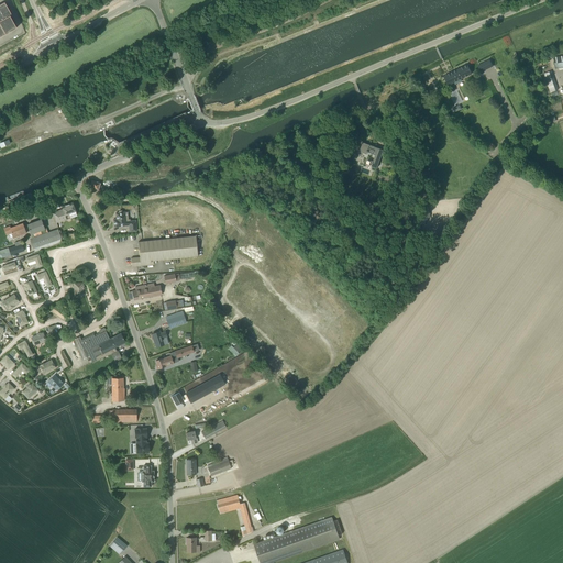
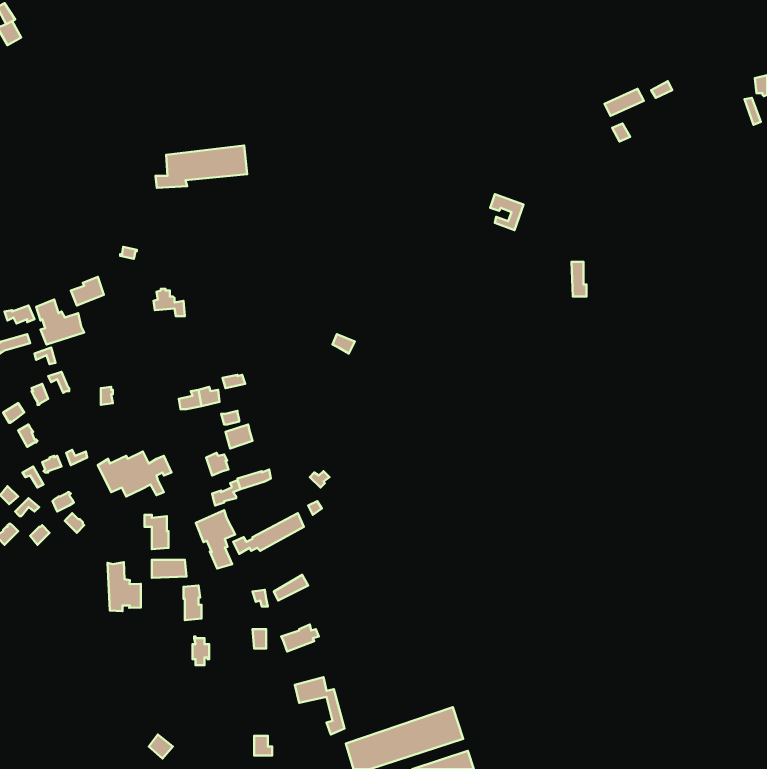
building: [130,235,197,266] -> [155,146,247,188]
building: none -> [196,510,235,568]
building: none -> [108,562,141,611]

